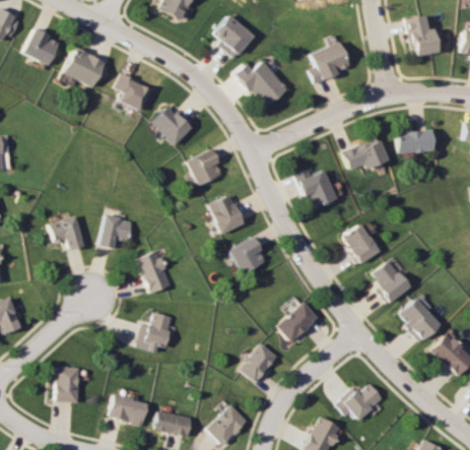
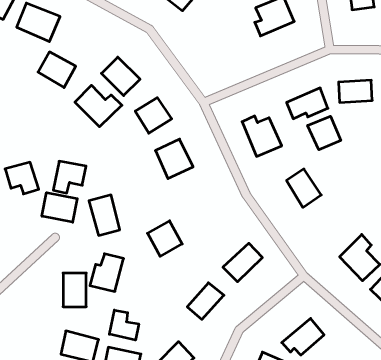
building: [239,60,289,108] -> none
building: [111,75,150,113] -> [38,52,76,88]
building: none -> [75,85,122,127]
building: none -> [308,116,341,150]
building: [231,237,268,274] -> [147,221,182,256]
building: none -> [42,193,77,222]
building: [375,260,413,302] -> none
building: [54,368,78,403] -> [63,273,86,307]
building: none -> [109,310,139,340]

